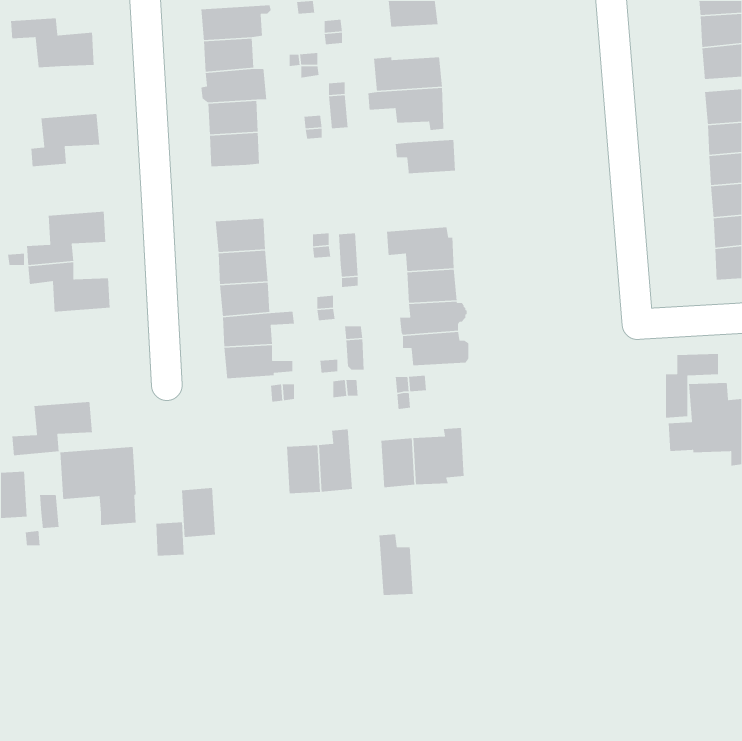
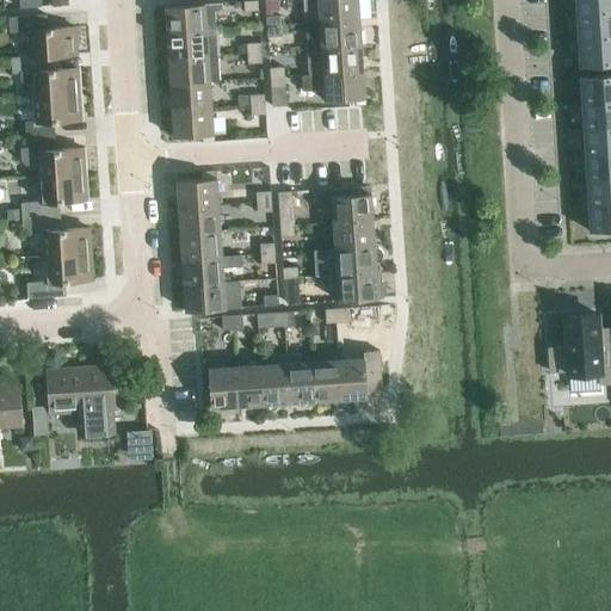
building: none -> [12,56,80,98]
building: [395,139,456,174] -> [311,21,362,50]
building: none -> [23,136,86,178]
building: [12,401,93,456] -> [26,254,93,300]
building: [181,487,216,538] -> [209,368,237,409]
building: [379,533,413,596] -> [286,352,315,403]

